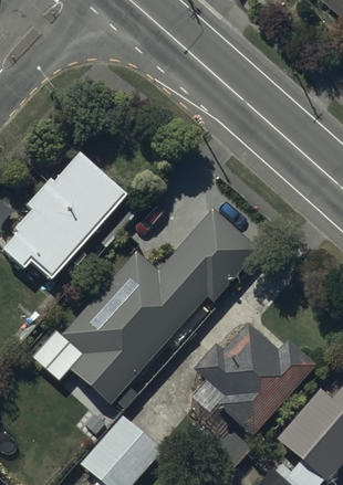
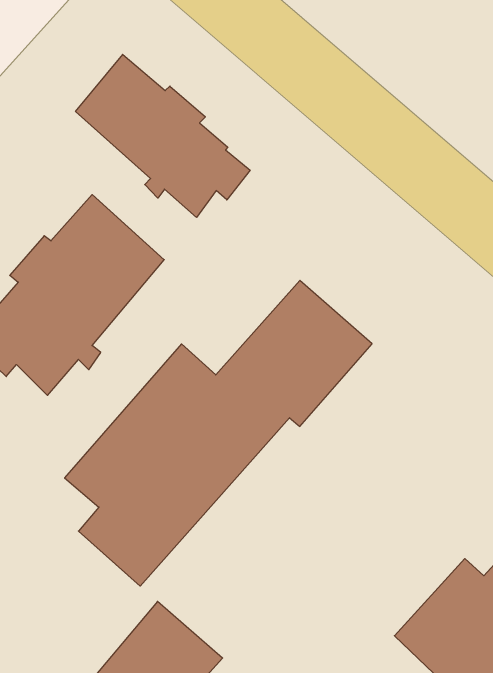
building: none -> [76,54,250,217]
building: [191,323,315,436] -> none

